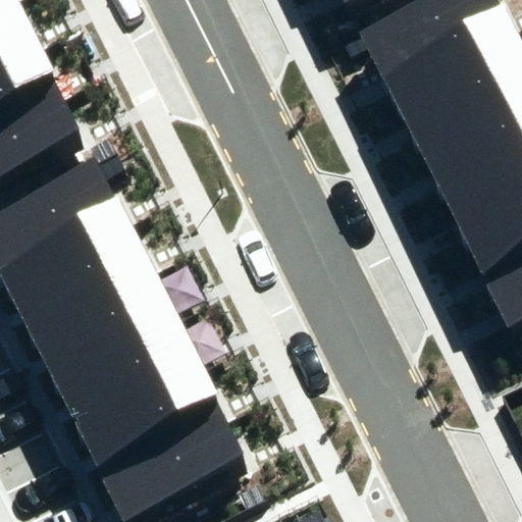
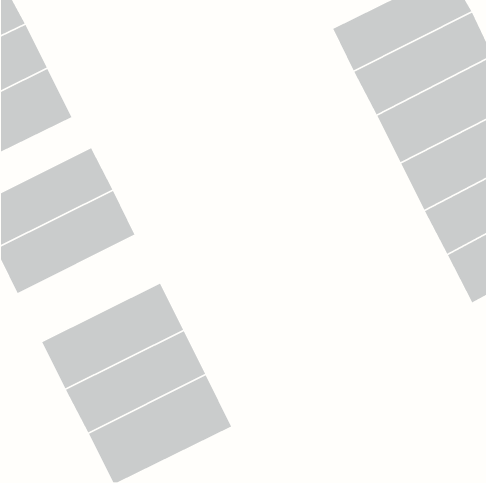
building: [20,251,173,365] -> none

